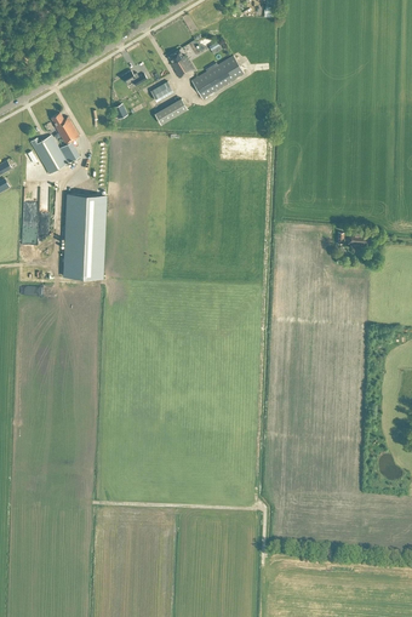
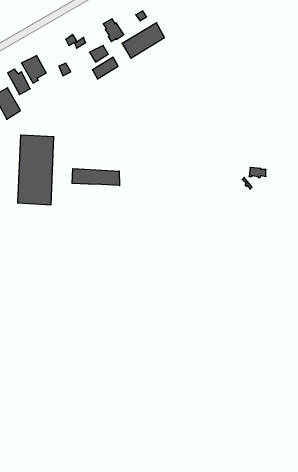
building: none -> [22,55,46,83]
building: none -> [72,169,120,186]

